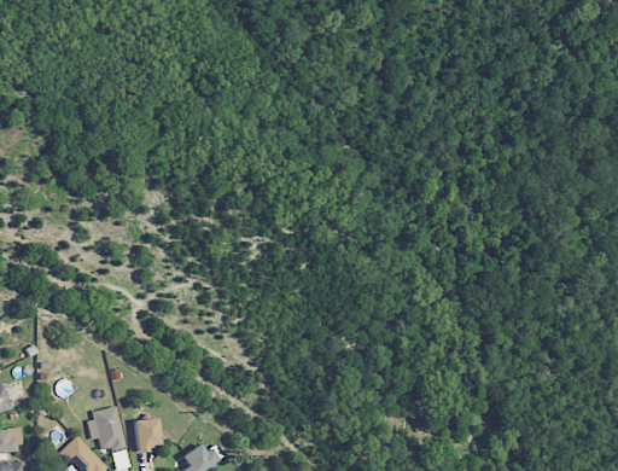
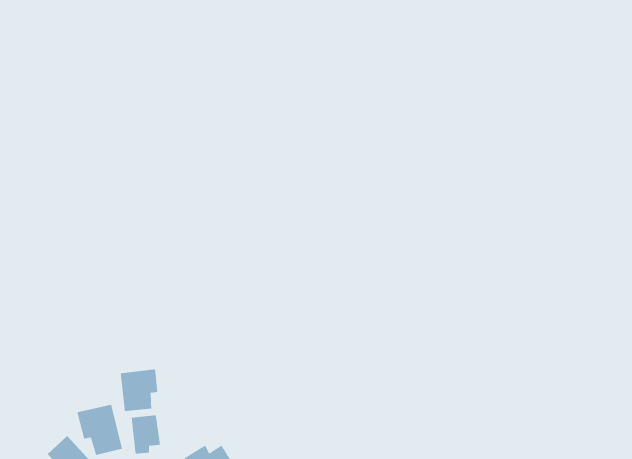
building: none -> [120,369,158,412]

